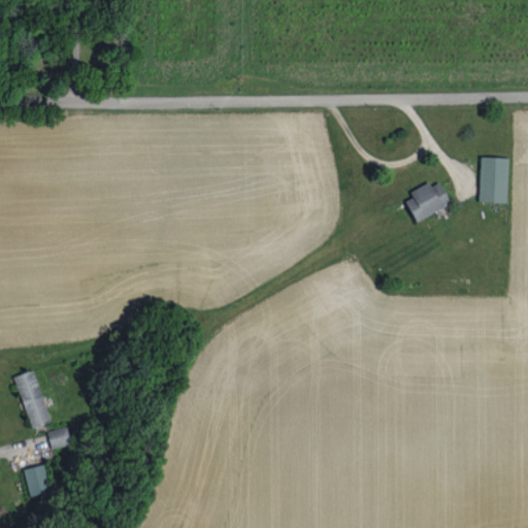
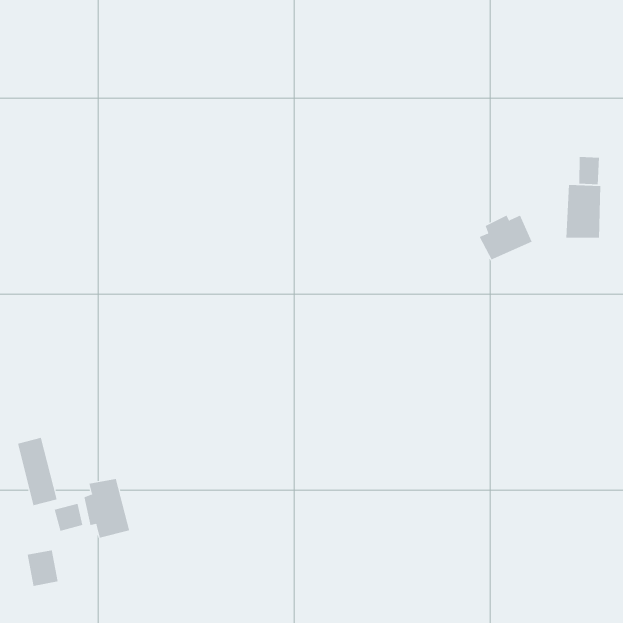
building: none -> [579,156,600,185]
building: none -> [84,478,130,539]

